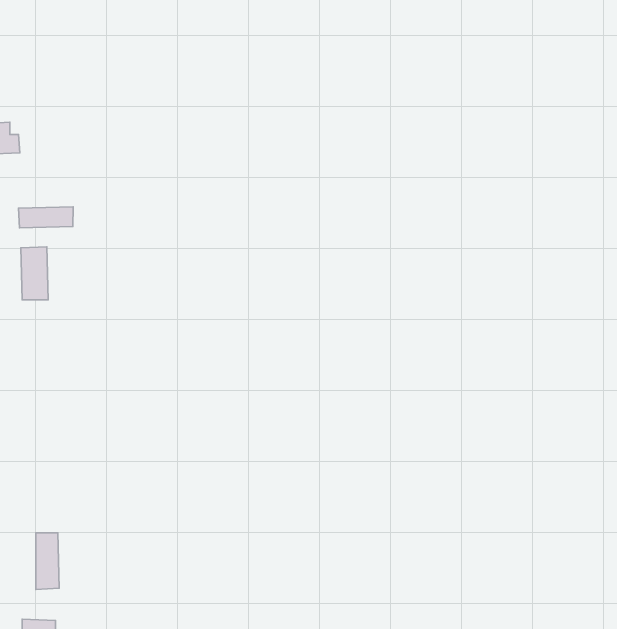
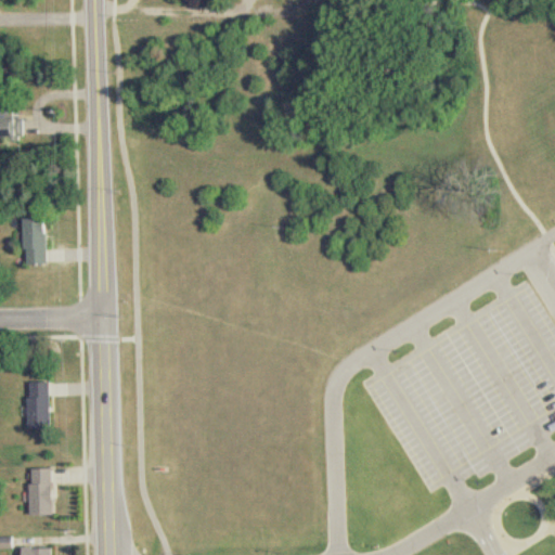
building: [18,207,73,228] -> none
building: none -> [28,379,53,430]

